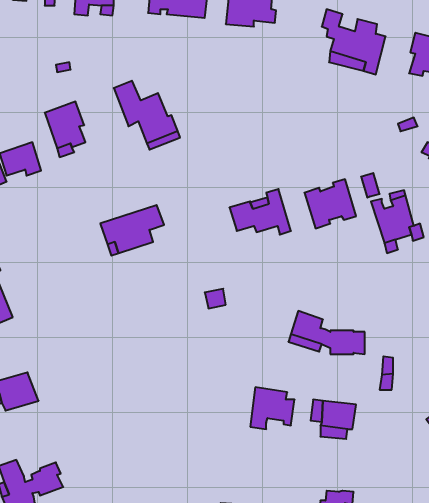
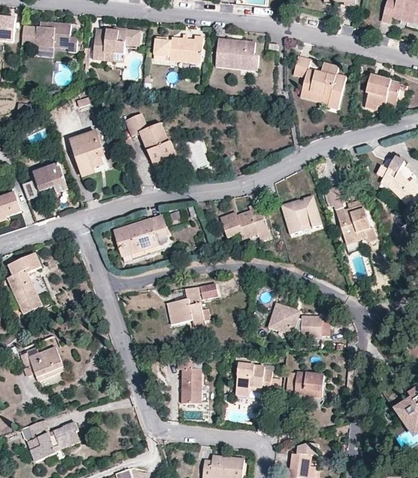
building: none -> [168,286,209,323]
building: none -> [178,361,200,404]

